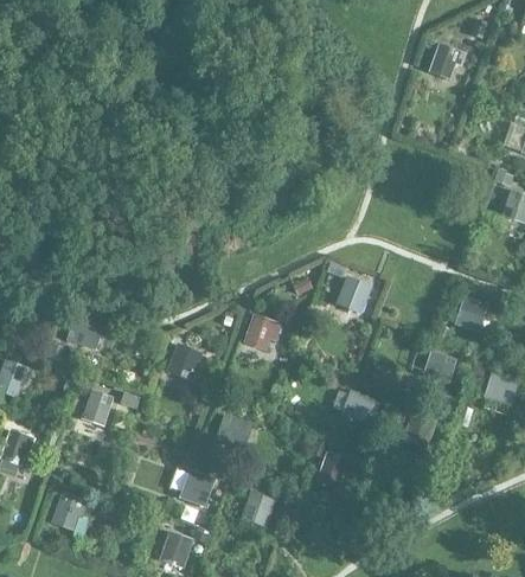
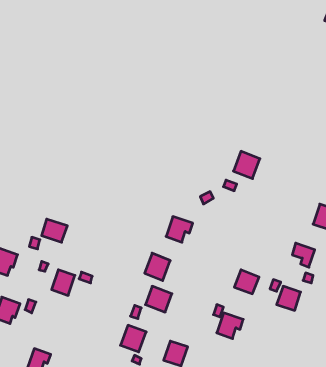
building: [428,41,466,79] -> none
building: [334,275,372,314] -> [233,151,260,179]
building: [166,341,203,380] -> [145,253,170,281]

